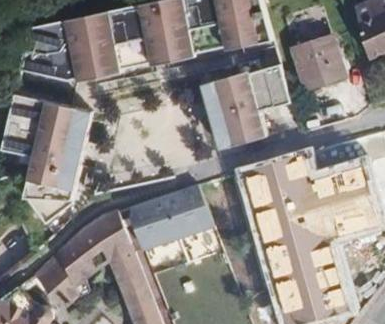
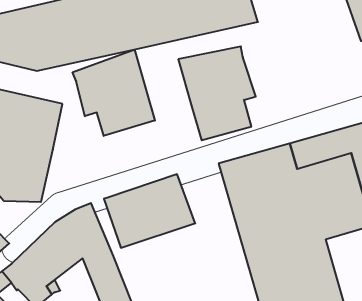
building: [292,34,344,87] -> none
building: none -> [73,50,155,136]
building: [259,65,292,108] -> none

